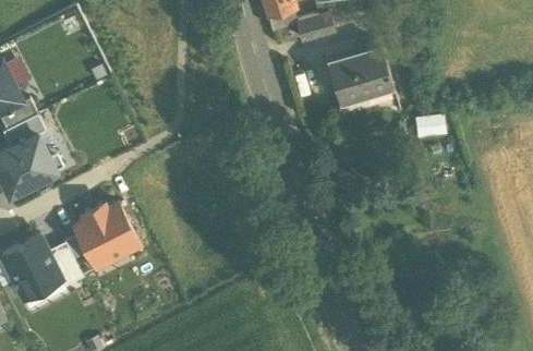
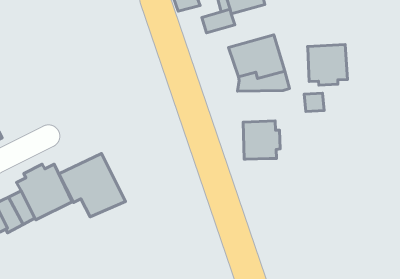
building: none -> [308,45,347,85]
building: none -> [243,121,280,159]
building: none -> [59,153,125,217]

